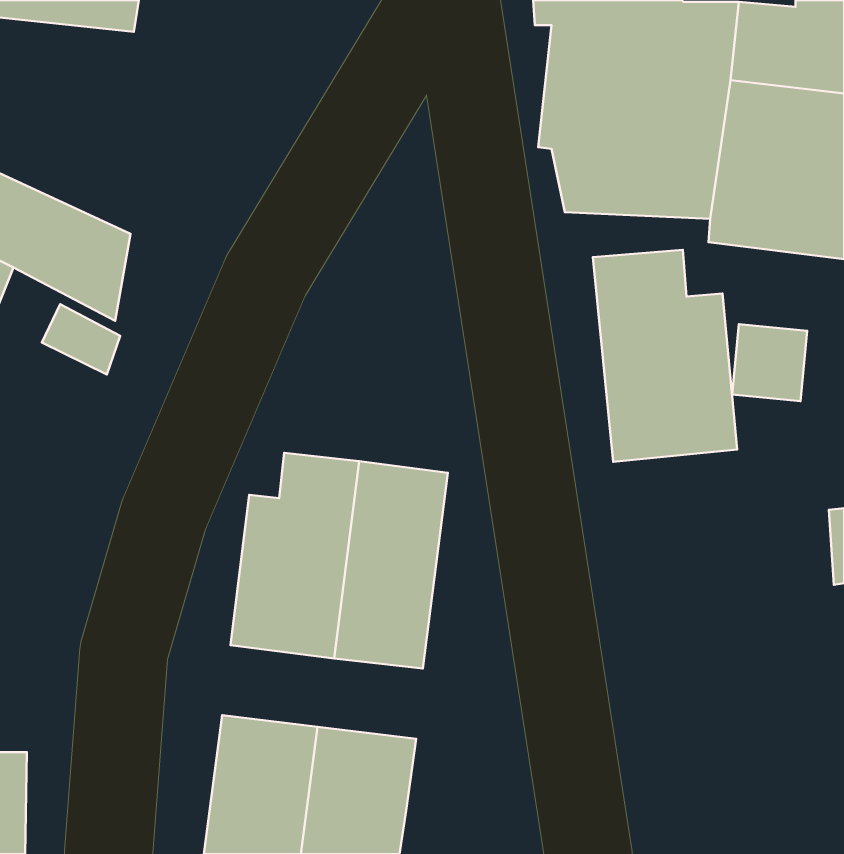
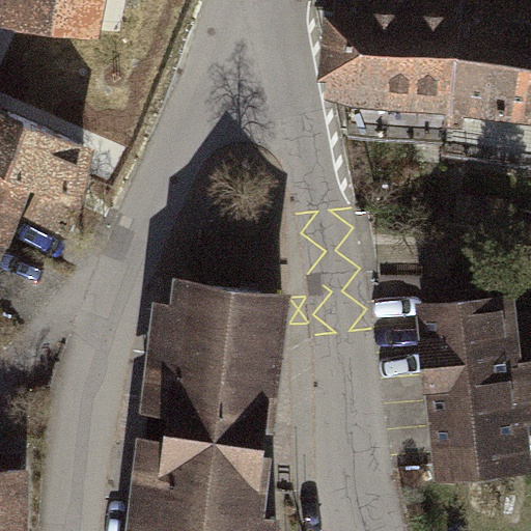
building: [593,250,737,462] -> none
building: none -> [421,299,509,453]
building: none -> [138,400,262,458]

